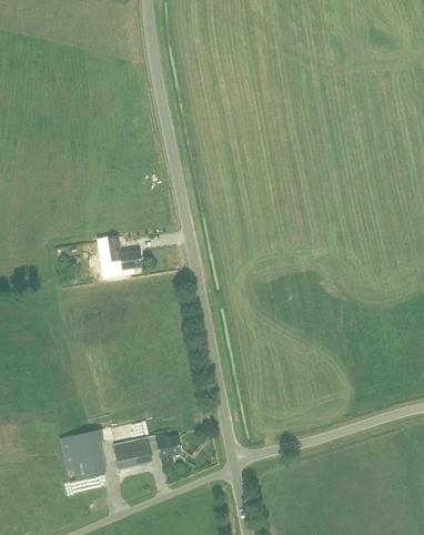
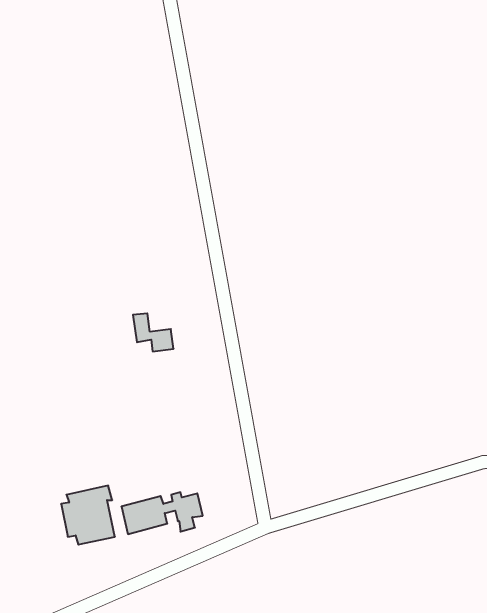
building: [107,234,141,266] -> [133,313,174,351]

